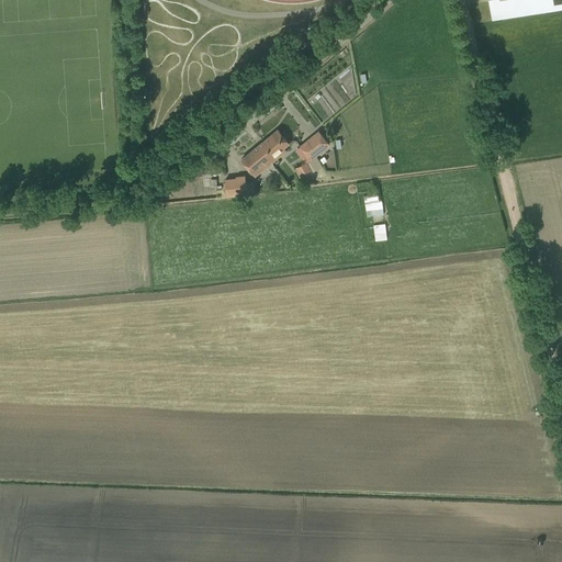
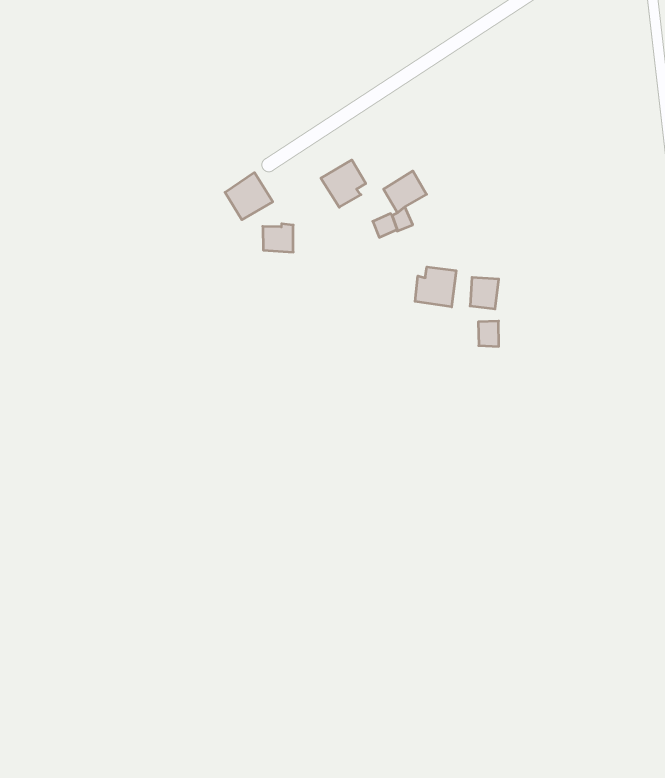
building: [240,144,272,176] -> [225,173,273,220]
building: none -> [415,267,456,307]

